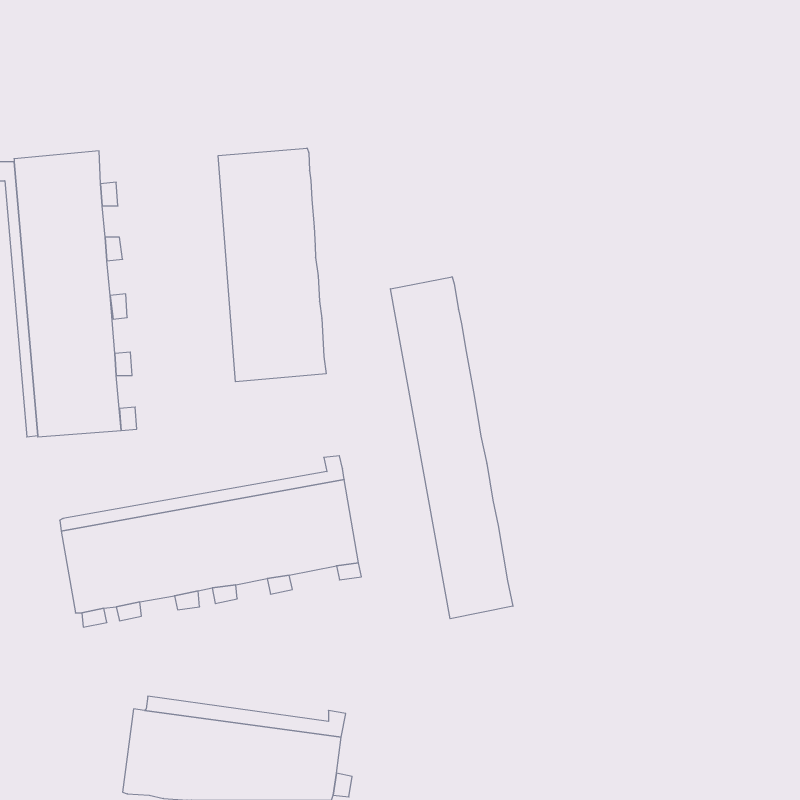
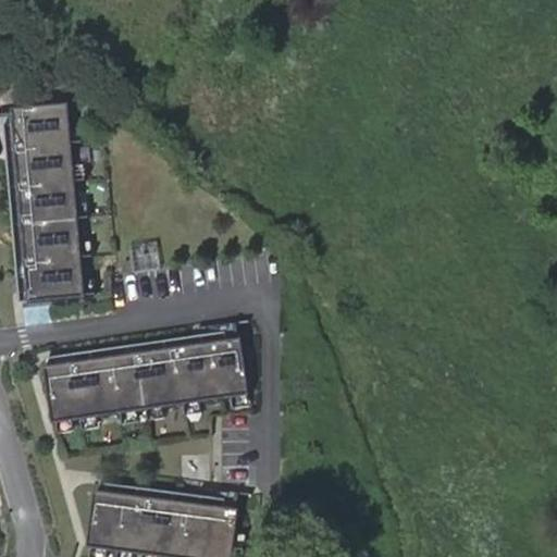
building: [218,148,326,382] -> none
building: [390,277,513,619] -> none

